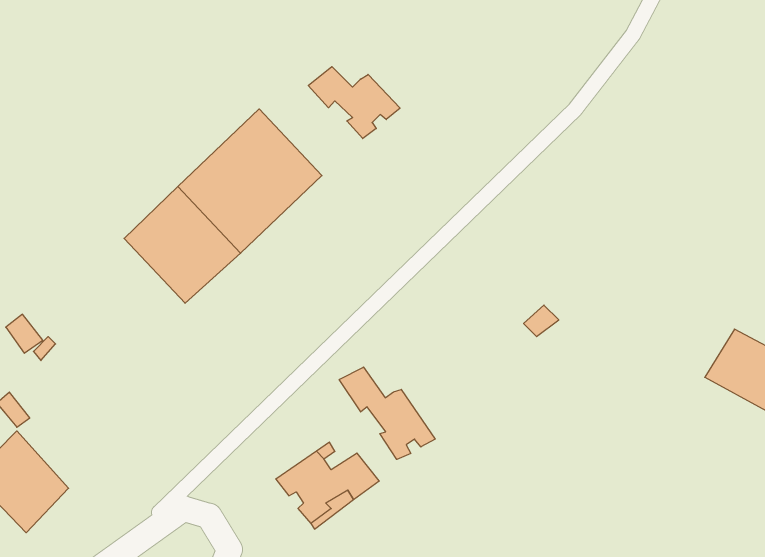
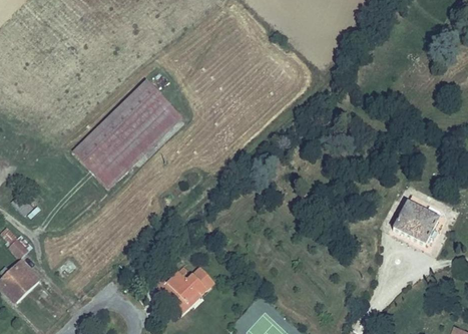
building: [308,67,400,139] -> none
building: [339,367,435,459] -> none

